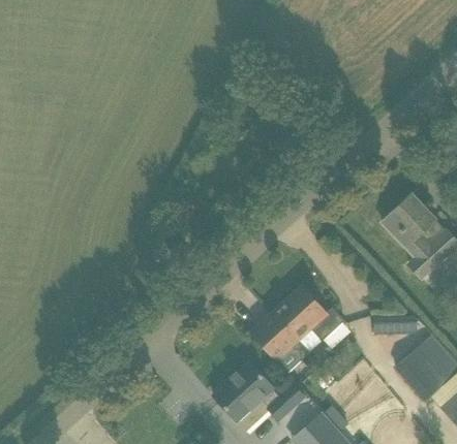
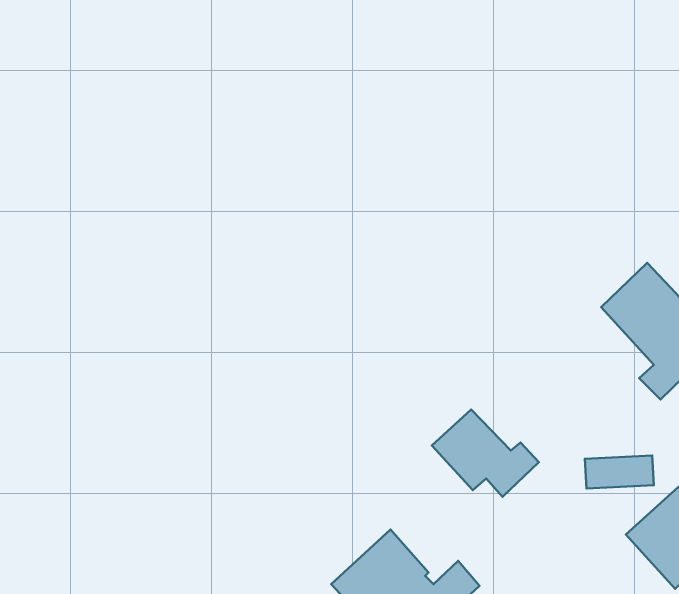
building: [250,309,312,372] -> none

